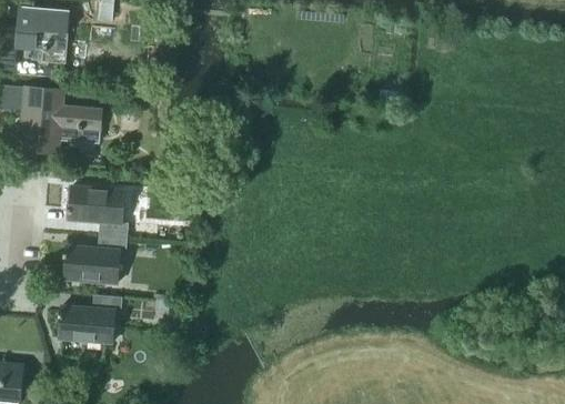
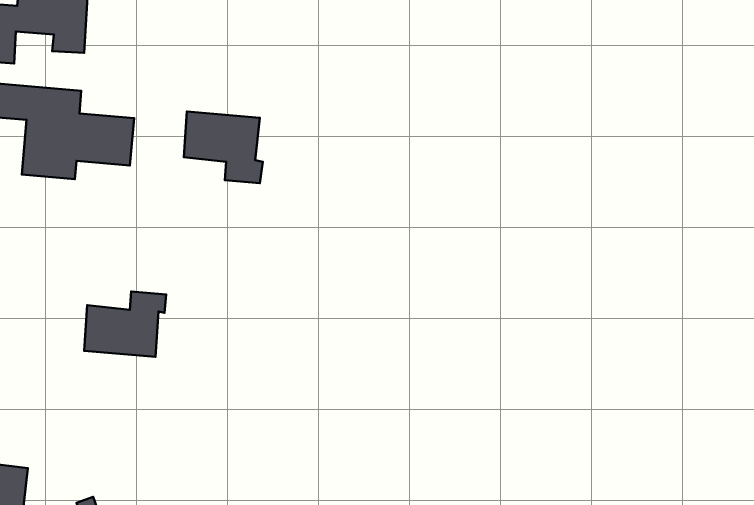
building: [70,186,128,239] -> [184,112,263,183]
building: [60,295,123,343] -> none

